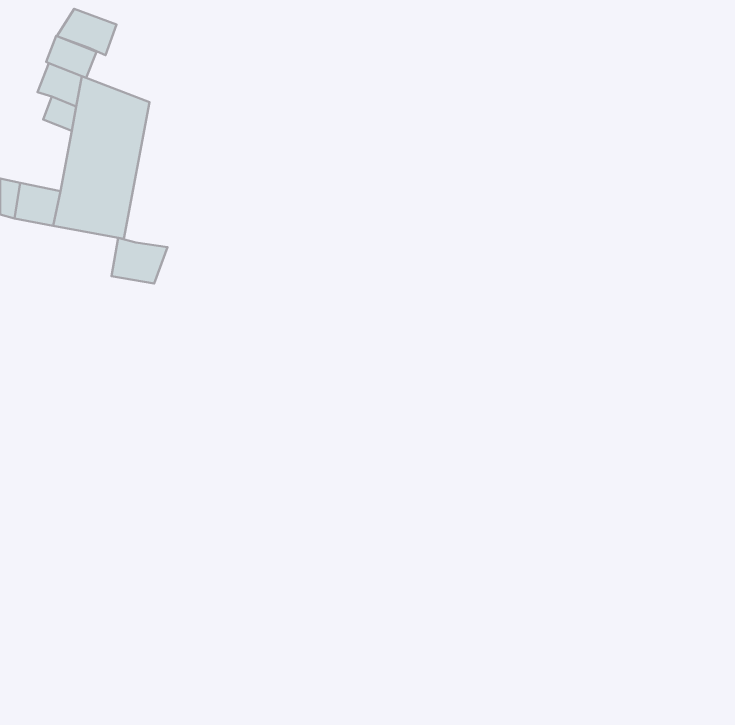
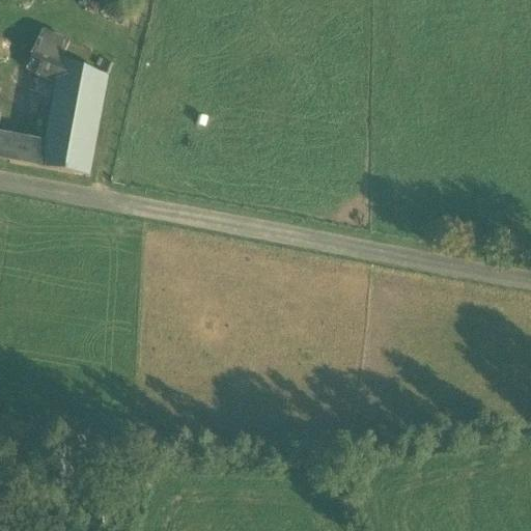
building: [57,9,116,55] -> none
building: [112,238,167,284] -> none

